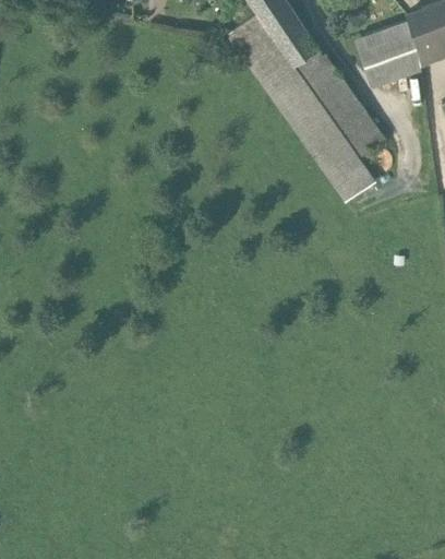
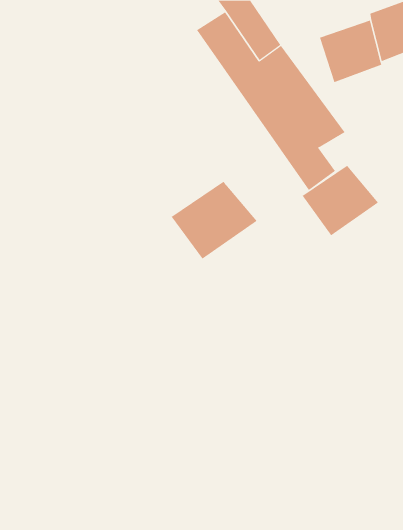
building: none -> [302,165,379,236]
building: none -> [171,181,258,260]

